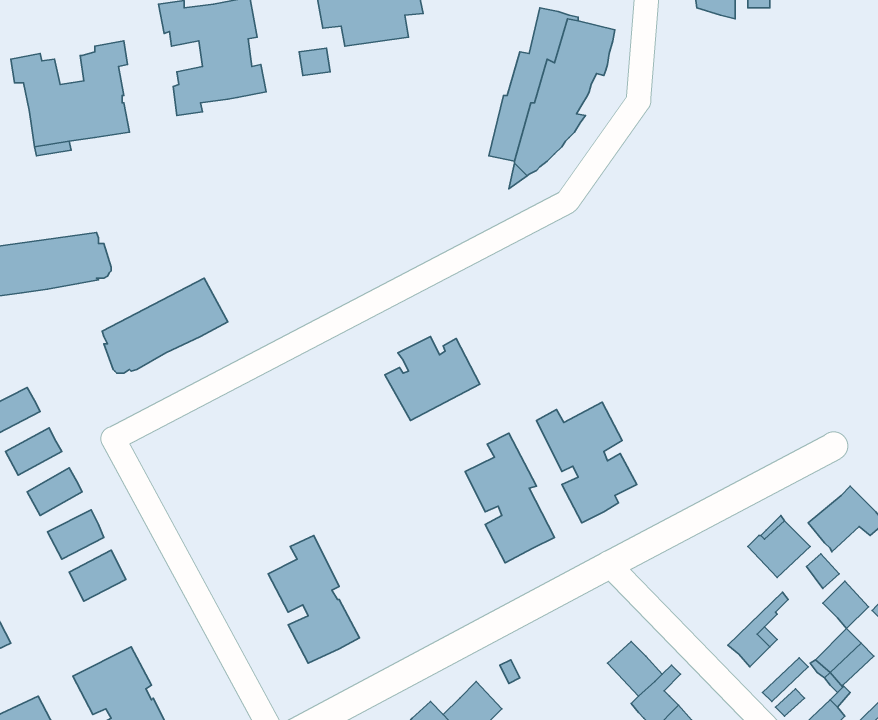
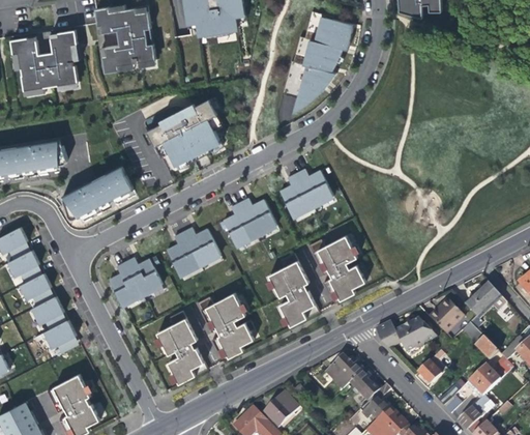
building: none -> [147,99,220,166]
building: none -> [279,169,333,216]
building: none -> [167,227,219,276]
building: none -> [108,257,163,306]
building: none -> [197,292,254,360]
building: none -> [375,318,436,351]
building: none -> [323,355,362,390]

